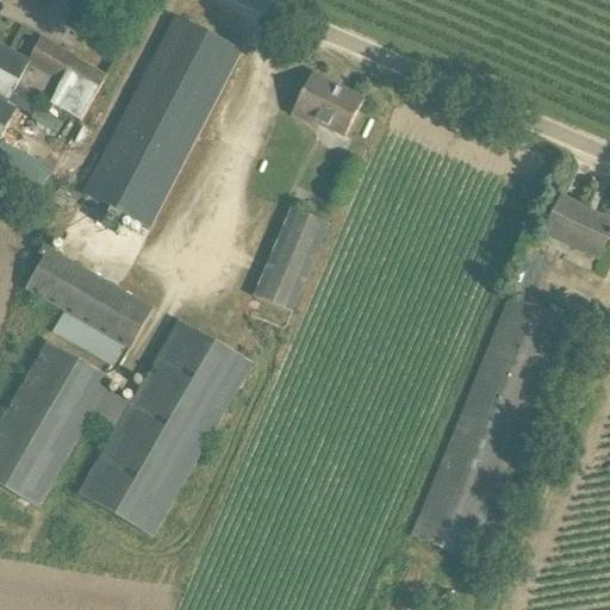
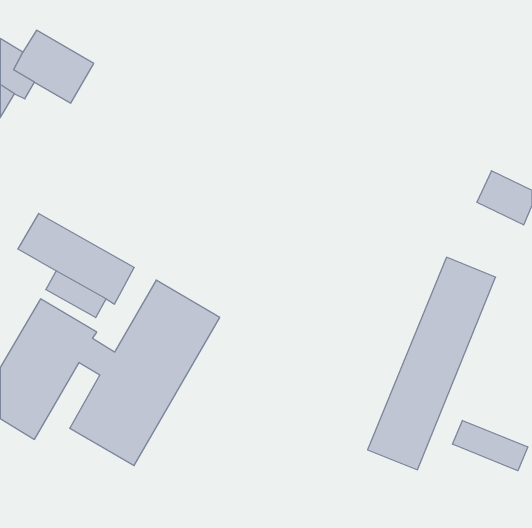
building: [82,18,239,225] -> none
building: [294,71,365,133] -> none
building: [255,206,330,311] -> none
building: none -> [453,420,528,471]

